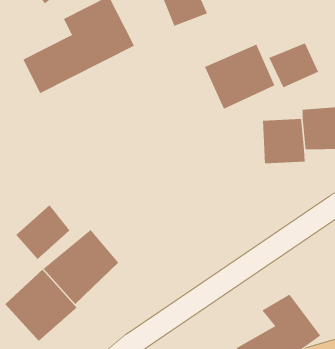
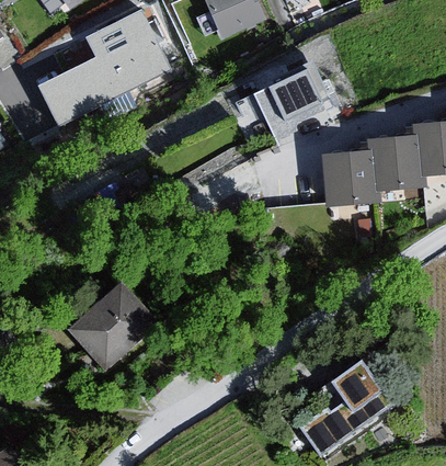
building: [269,42,319,88] -> none
building: [15,204,70,260] -> none
building: [5,269,77,342] -> none

